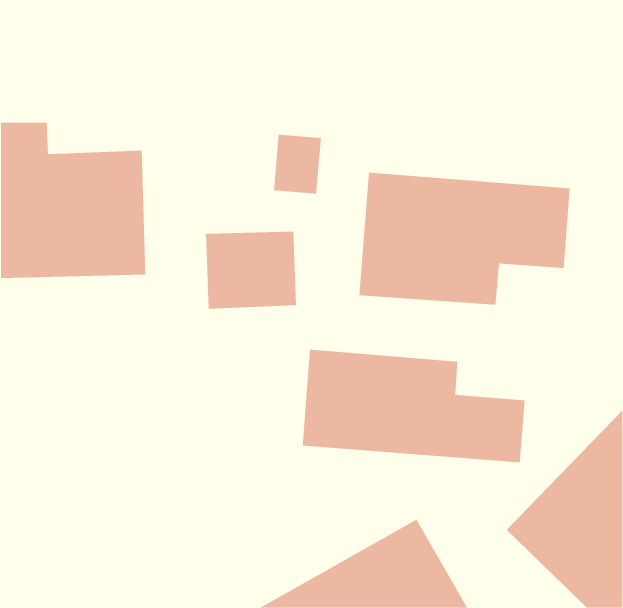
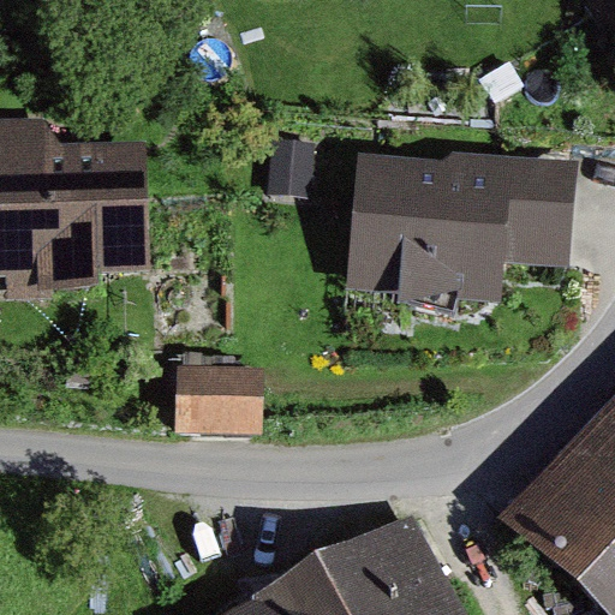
building: [205,231,297,309] -> [174,348,264,425]
building: [302,349,525,463] -> none

